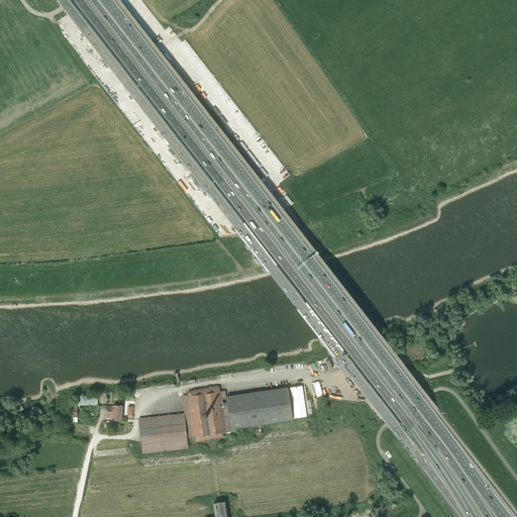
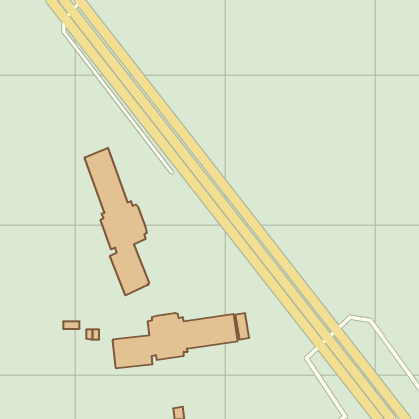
building: none -> [85,148,149,295]

